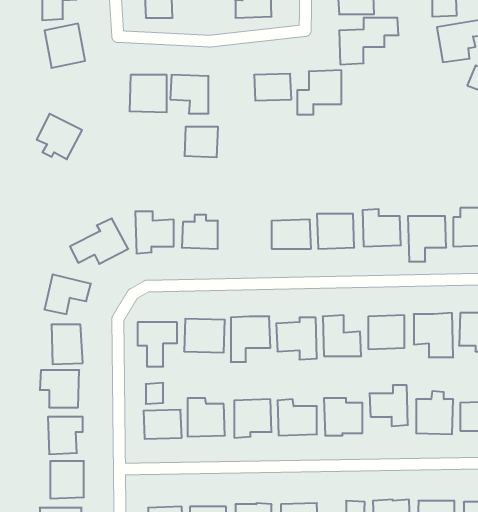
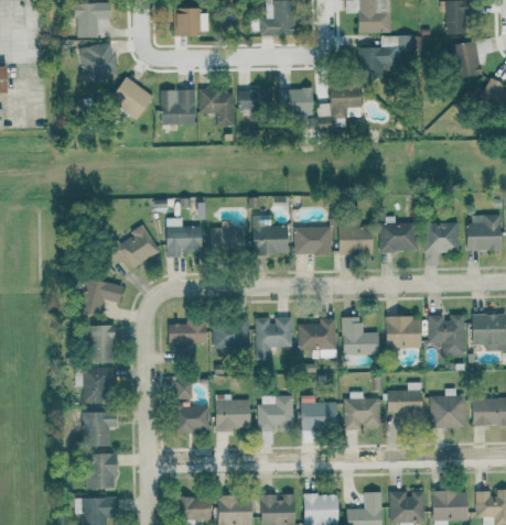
building: [37,114,82,159] -> [110,77,153,120]
building: [184,127,218,157] -> [239,88,271,117]
building: none -> [251,215,287,254]

